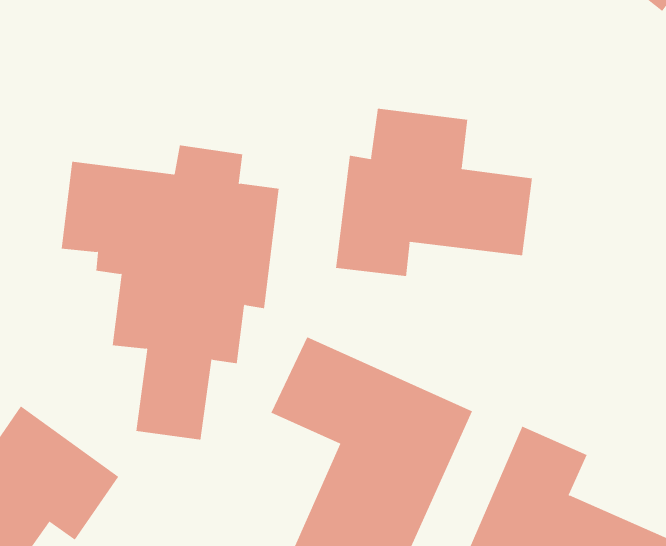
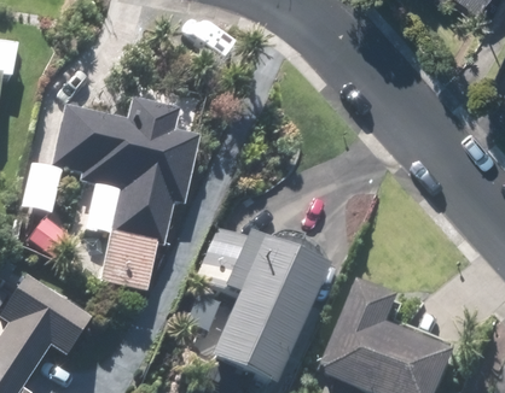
building: [335,108,532,277] -> none

